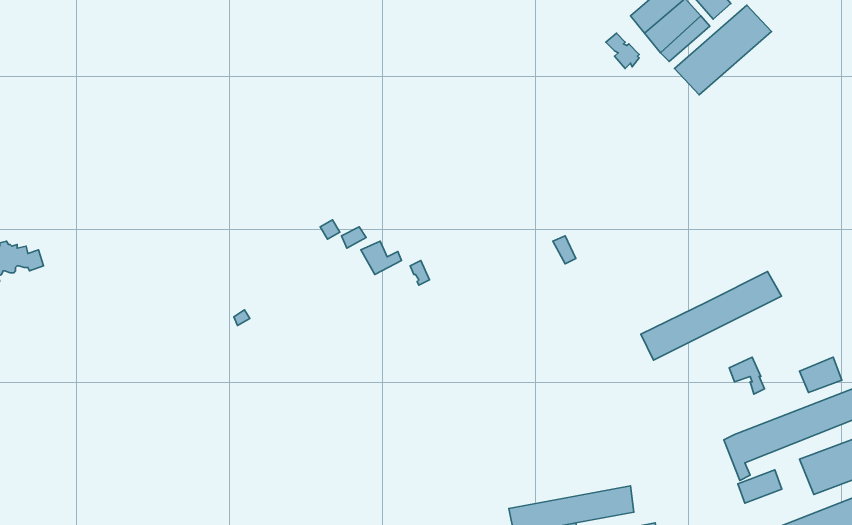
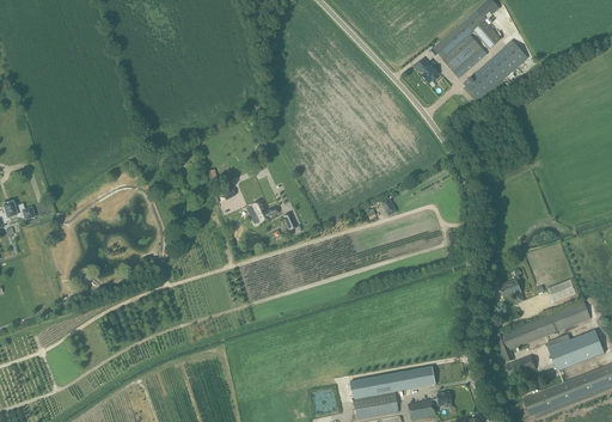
building: [641,271,782,360] -> none

